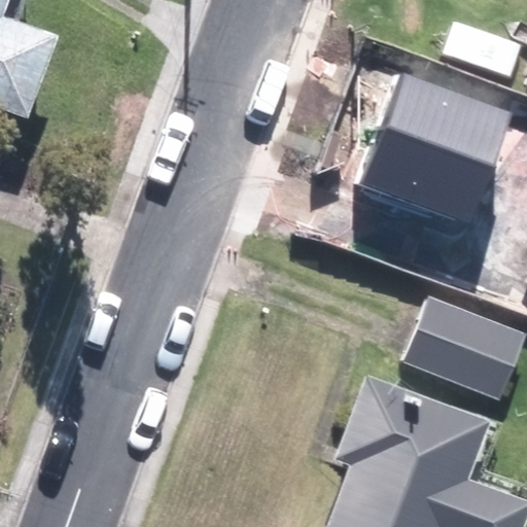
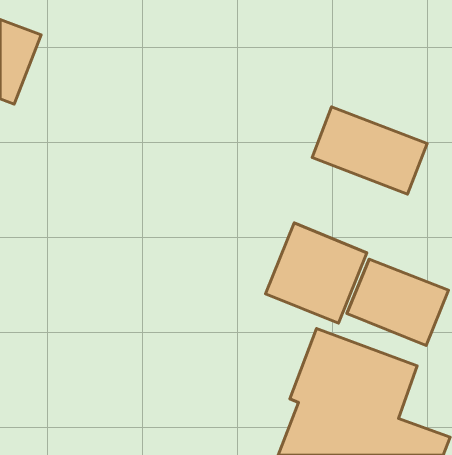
building: [387,72,518,166] -> none
building: none -> [266,223,367,323]

